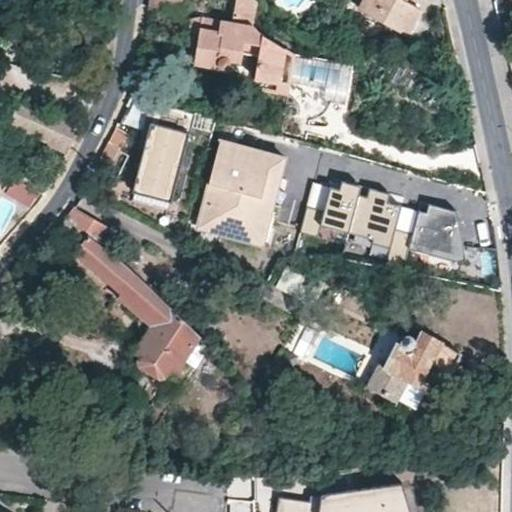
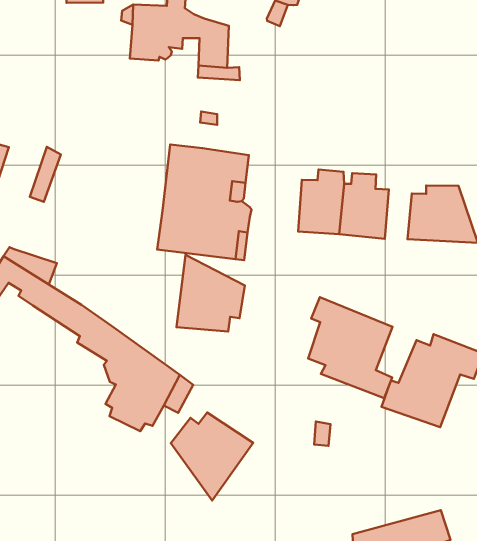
building: [130,101,196,198] -> none
building: none -> [176,255,245,331]
building: none -> [308,297,393,398]
building: none -> [171,412,253,500]

